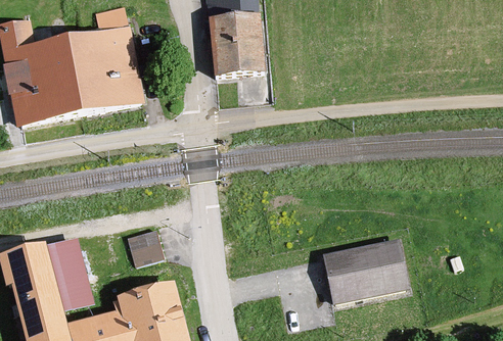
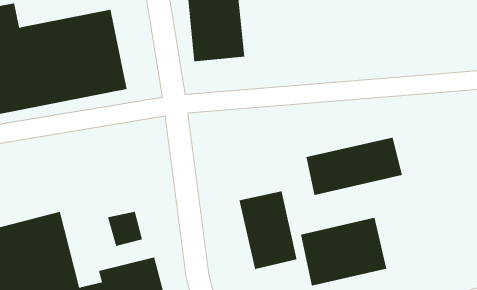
building: none -> [306,137,402,196]
building: none -> [239,190,297,270]

